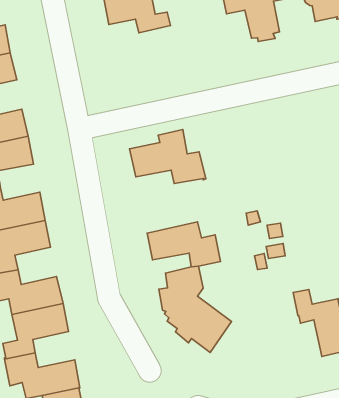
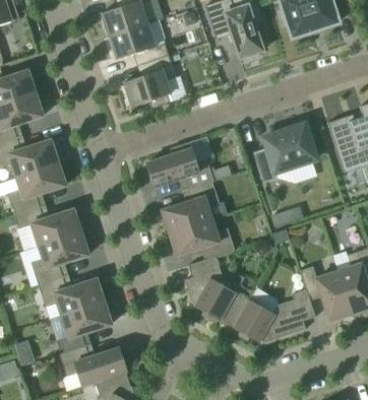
building: none -> [124,55,177,109]
building: none -> [254,119,317,183]
building: none -> [163,182,220,234]
building: none -> [235,289,316,342]

